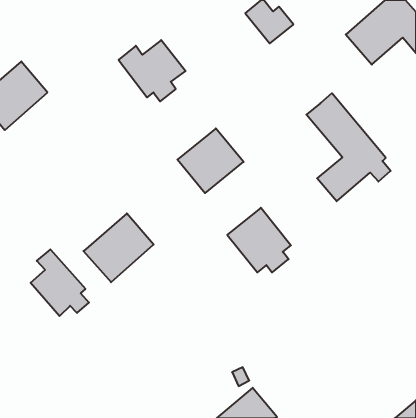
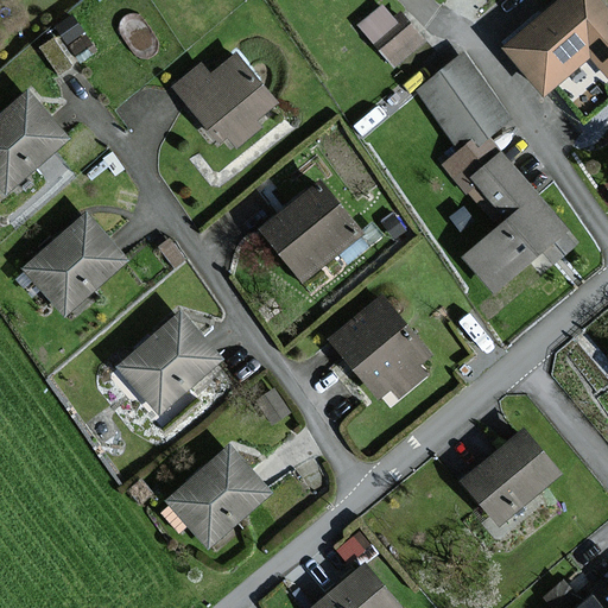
building: none -> [418,59,505,150]
building: none -> [26,213,128,312]
building: [31,249,89,316] -> none
building: none -> [462,435,552,524]
building: none -> [175,446,272,543]

